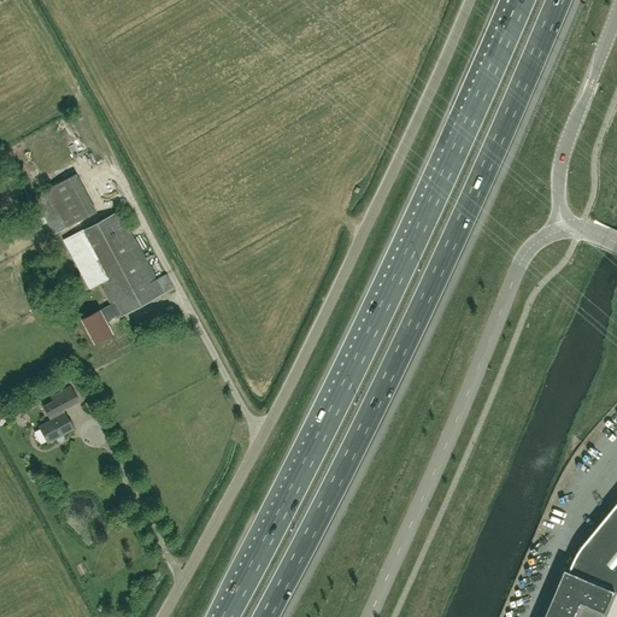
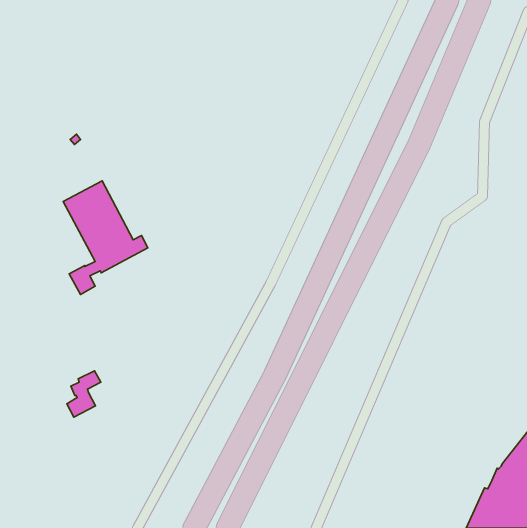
building: [34,172,98,235] -> none
building: [40,388,80,442] -> [67,371,101,417]

